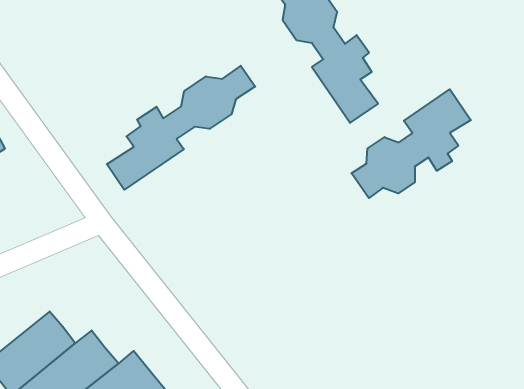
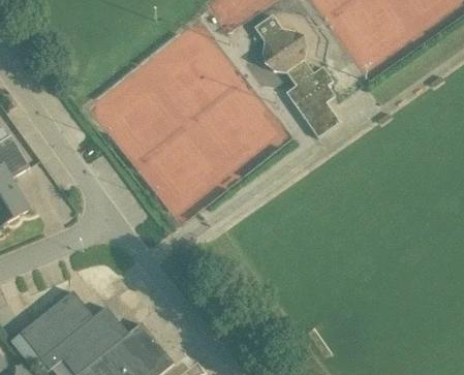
building: [107,66,255,190] -> none
building: [351,89,471,198] -> none

